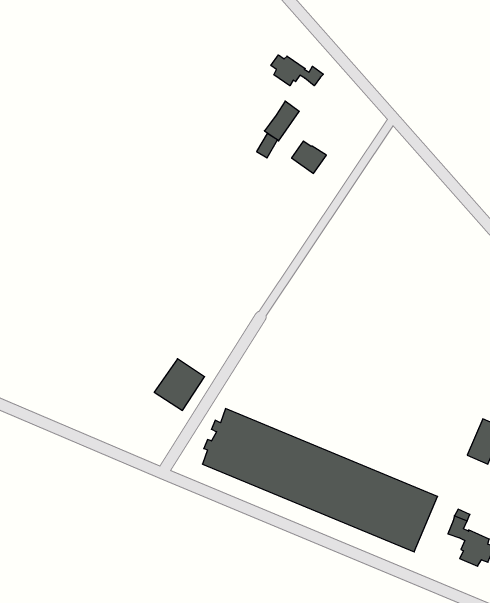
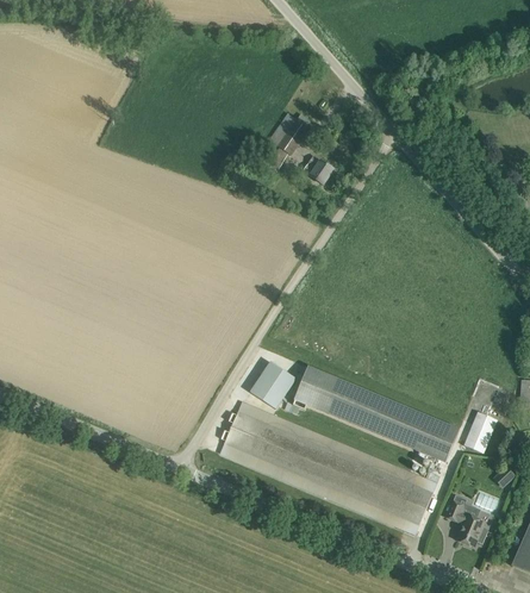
building: [271,55,323,86] -> none
building: [154,359,205,410] -> [250,361,297,408]
building: none -> [294,364,461,462]

